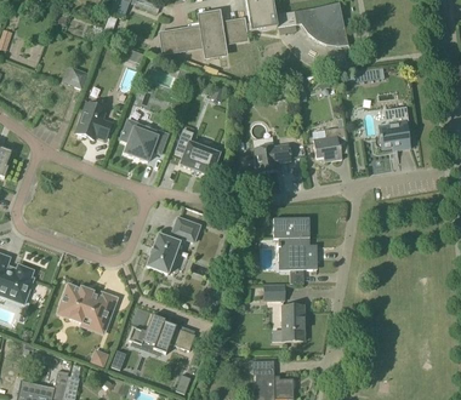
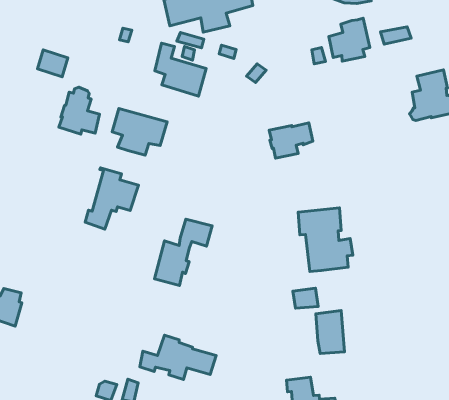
building: [313,126,347,161] -> [329,18,370,61]
building: [175,128,218,176] -> [155,43,206,96]
building: none -> [85,168,139,229]
building: [58,284,116,325] -> none

